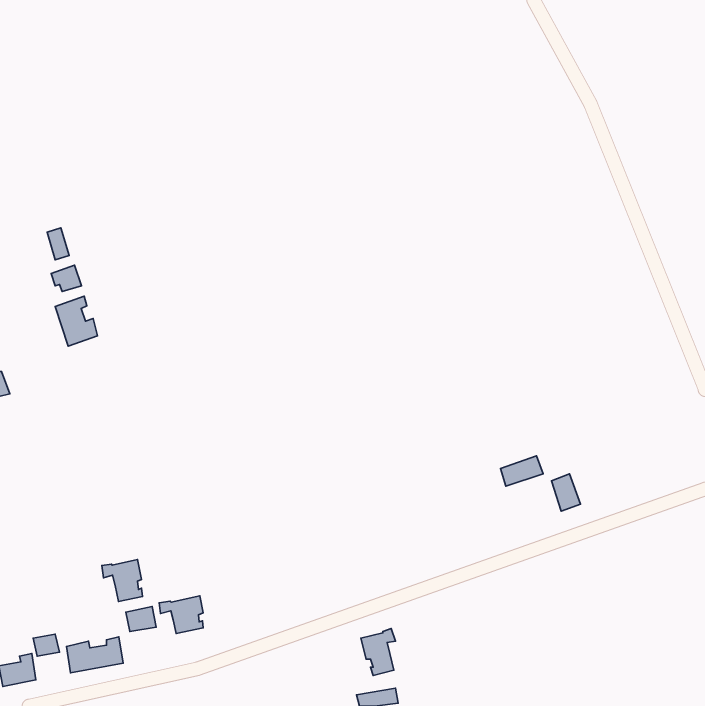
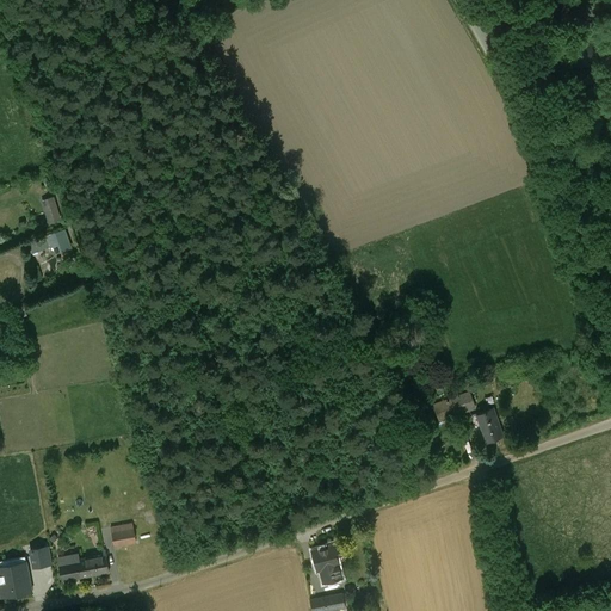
building: [55,296,97,346] -> none
building: [102,560,142,601] -> none
building: [159,596,203,634] -> none

